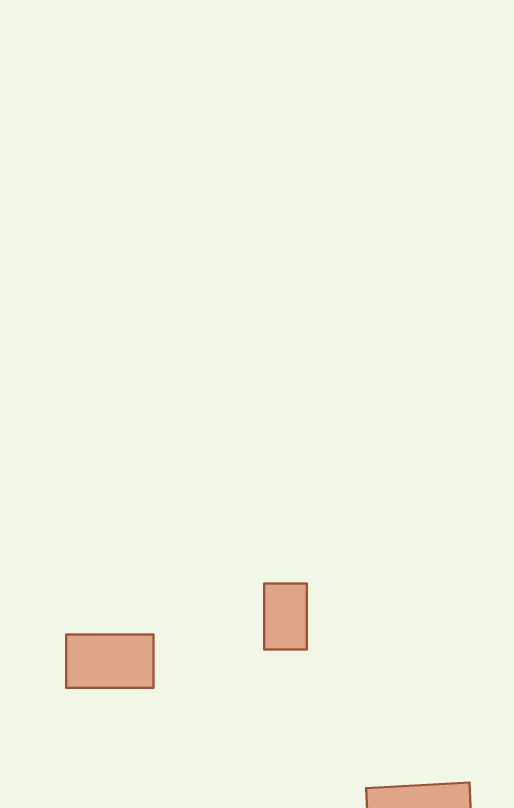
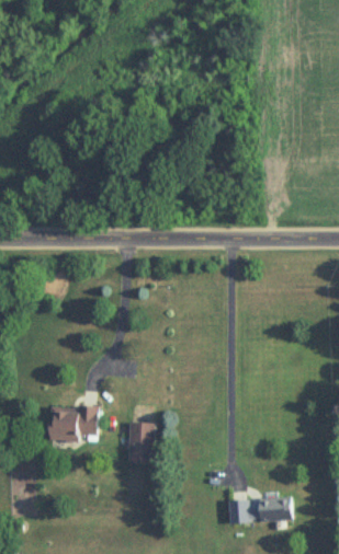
building: [264,584,307,650] -> [128,423,155,463]

